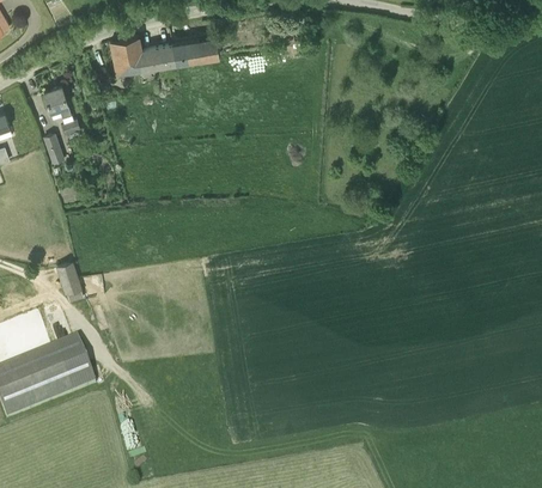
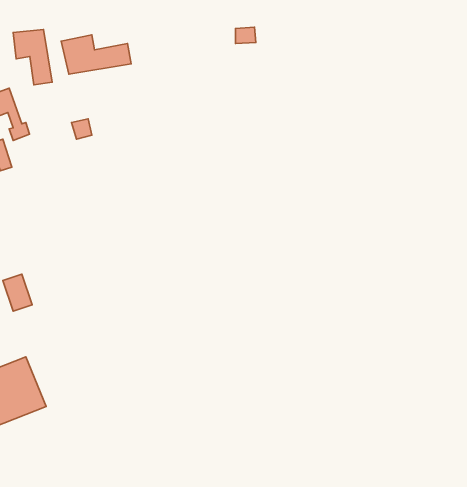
building: none -> [13,29,52,85]
building: [172,35,220,62] -> none

